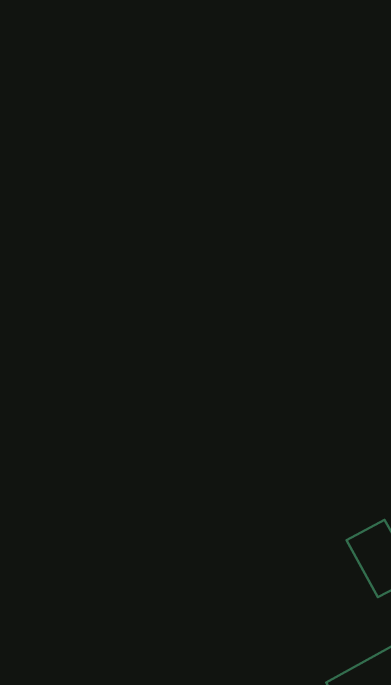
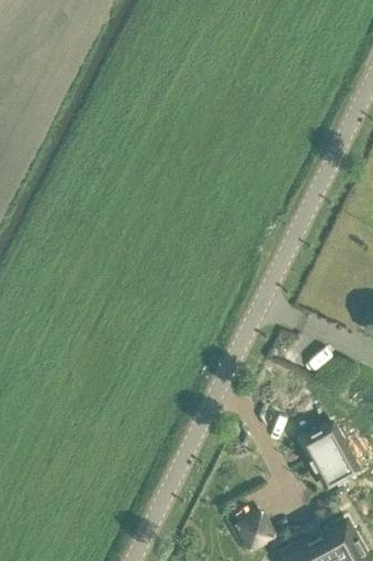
building: none -> [236,512,272,548]

